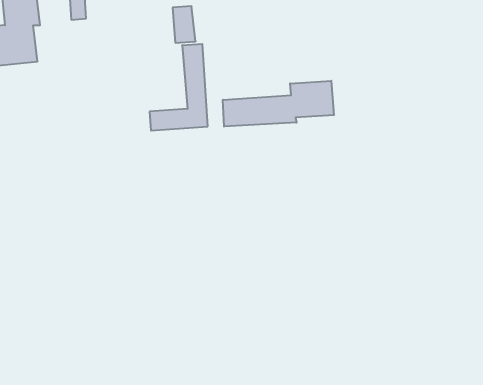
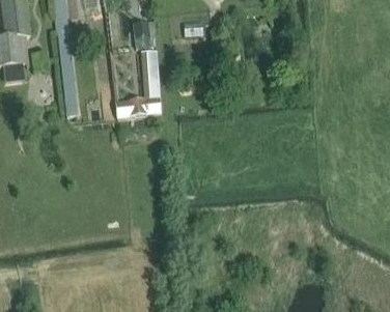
building: [223,81,334,127] -> none

